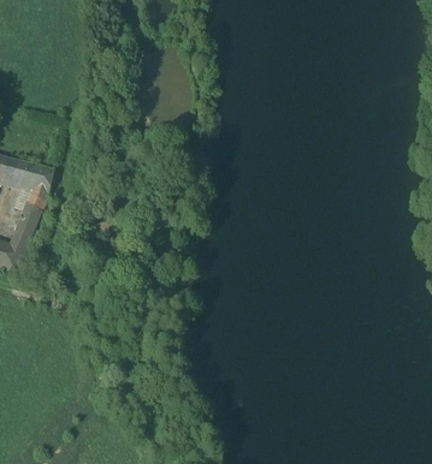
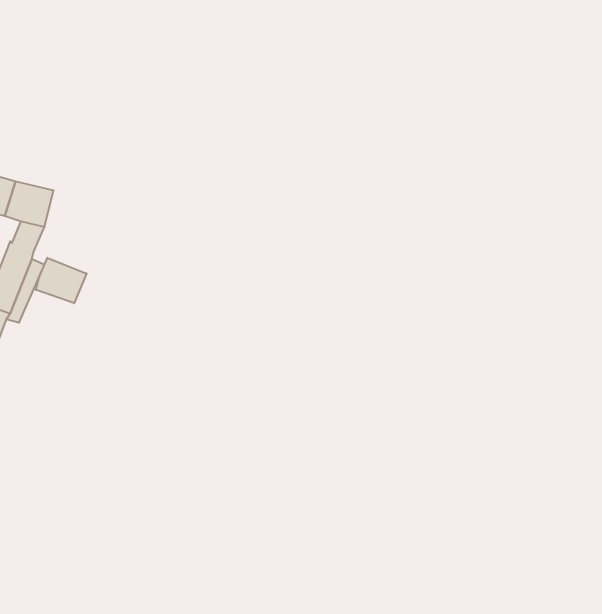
building: none -> [36,258,87,303]

